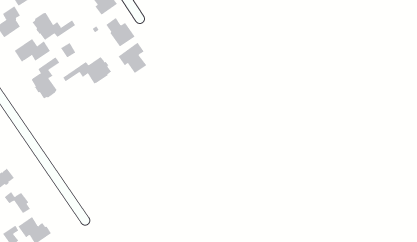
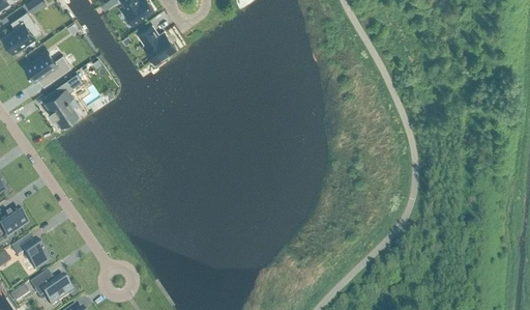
building: [32,12,76,40] -> none
building: [118,42,147,74] -> none
building: [62,56,112,84] -> none

